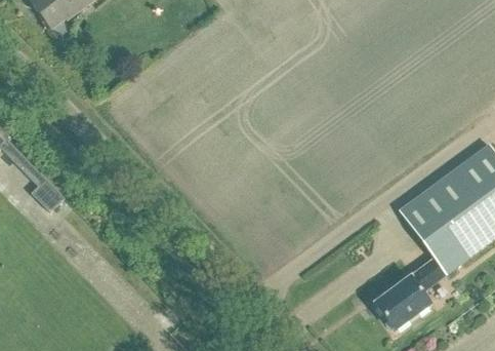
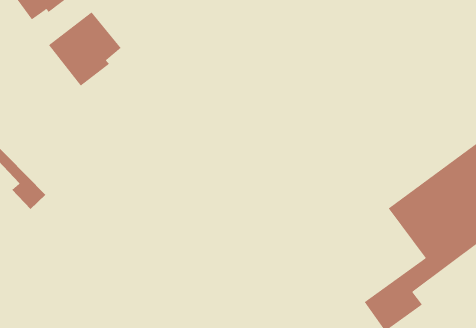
building: none -> [48,12,121,87]

